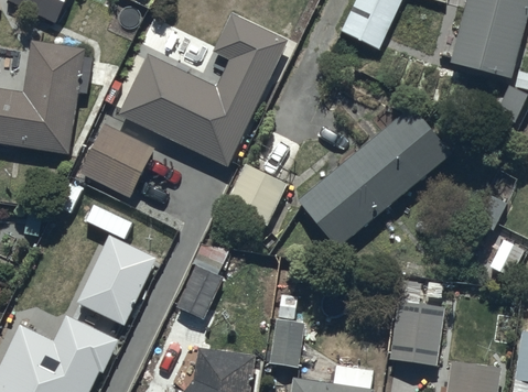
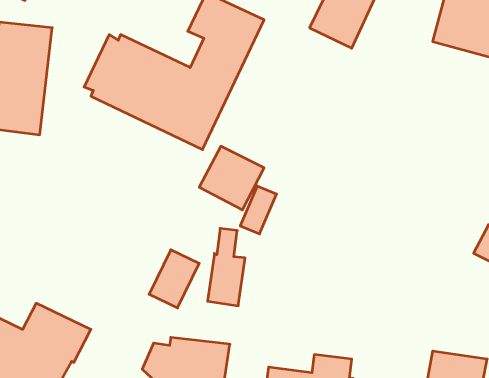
building: [298,105,453,248] -> none
building: [80,123,153,196] -> none
building: [77,235,157,325] -> none
building: [268,293,304,368] -> [208,228,245,306]
building: [389,300,443,366] -> none

